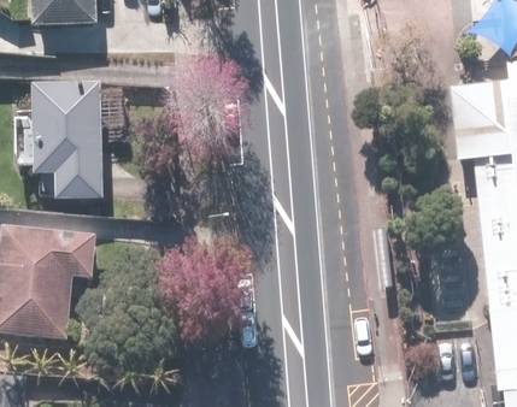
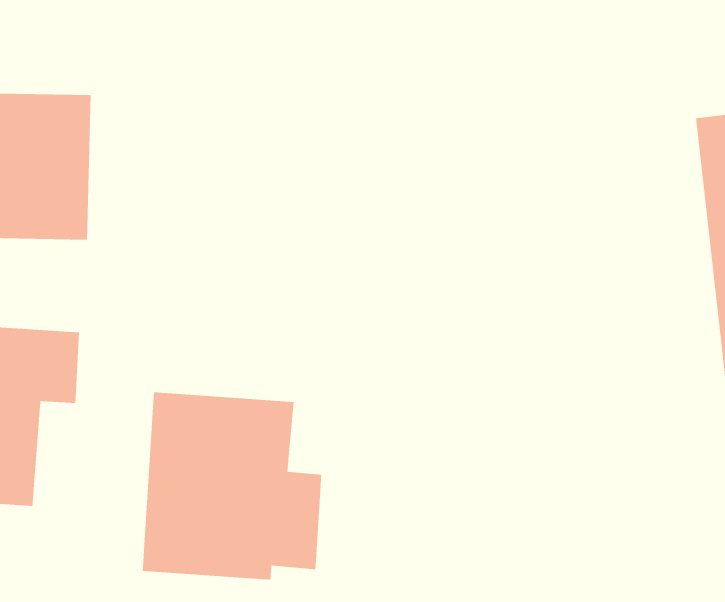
building: none -> [142,391,322,581]

